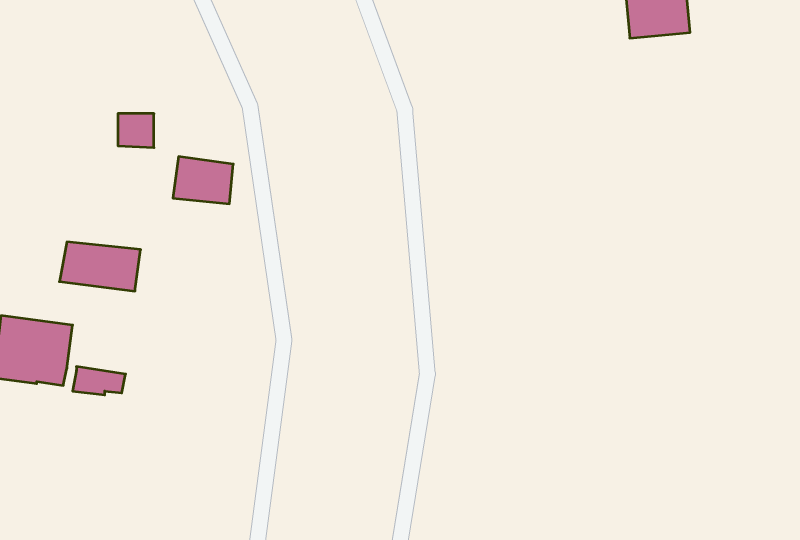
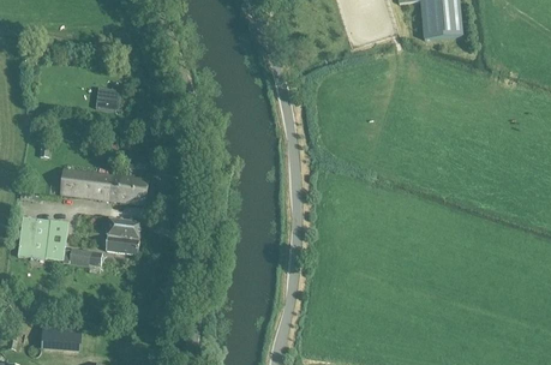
building: [173,157,233,204] -> [108,173,146,203]
building: none -> [106,219,140,253]
building: none -> [41,325,82,348]

